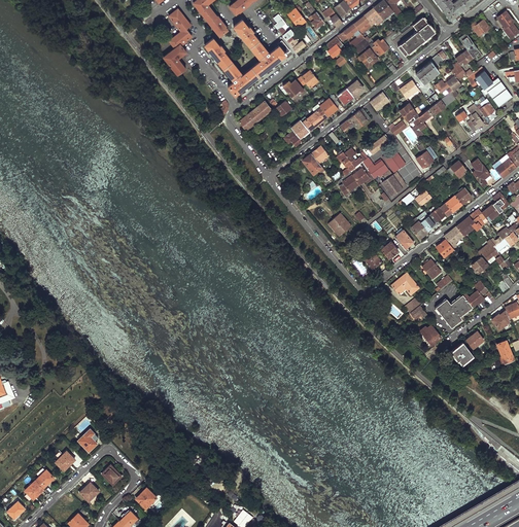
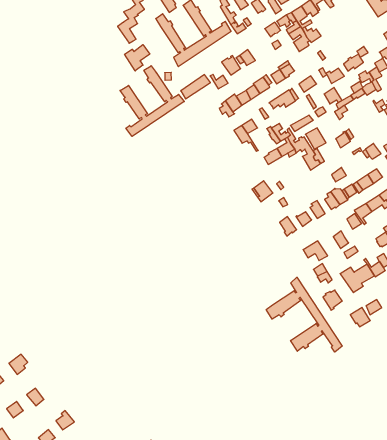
building: [397,17,435,56] -> none
building: none -> [125,45,150,71]
building: none -> [120,66,184,136]
building: none -> [266,277,342,352]

